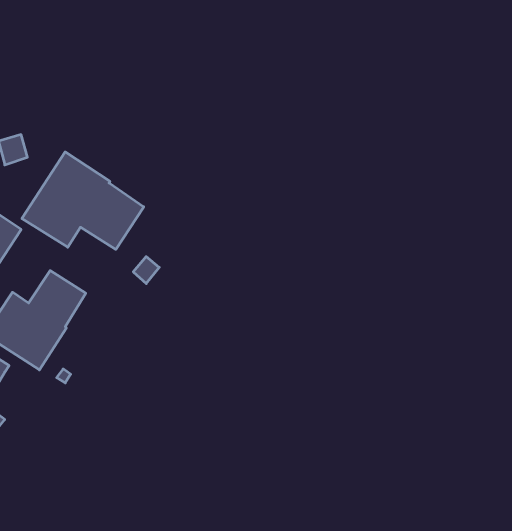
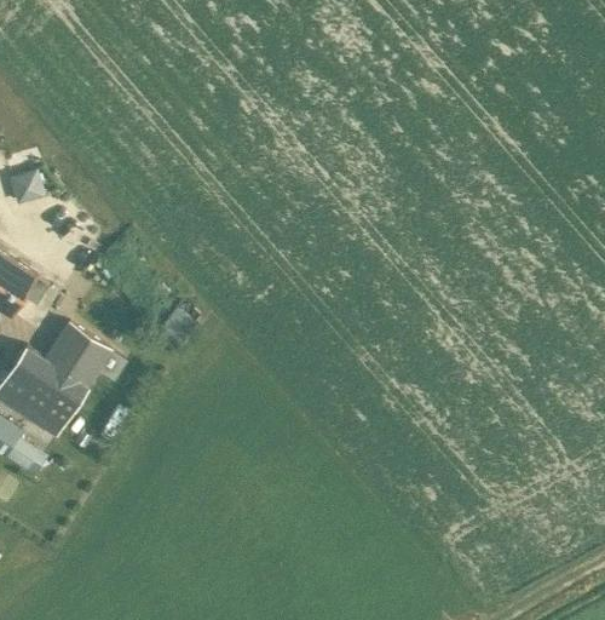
building: [22,152,144,249] -> none

